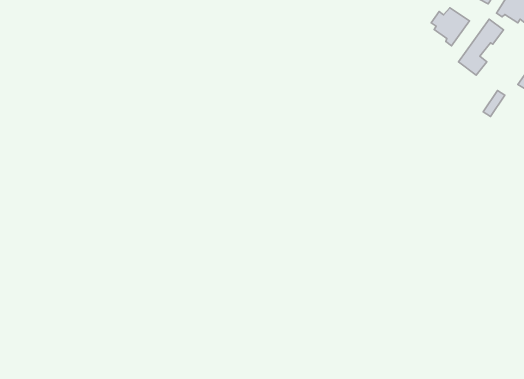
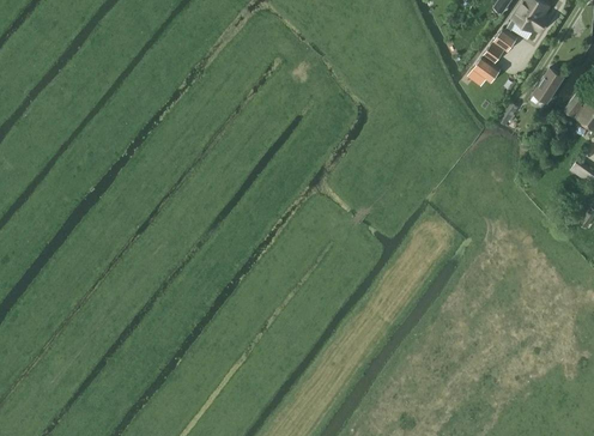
building: [431,8,470,46] -> none

